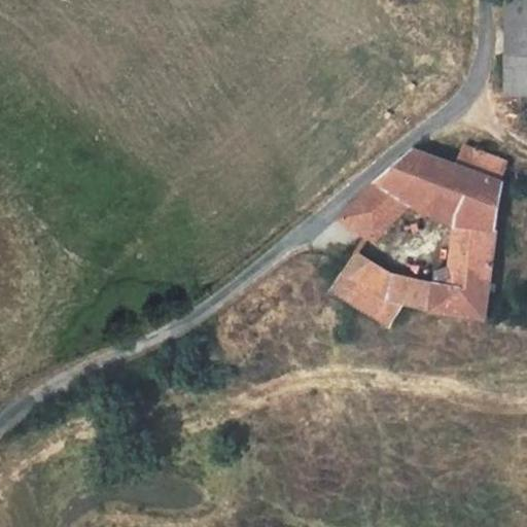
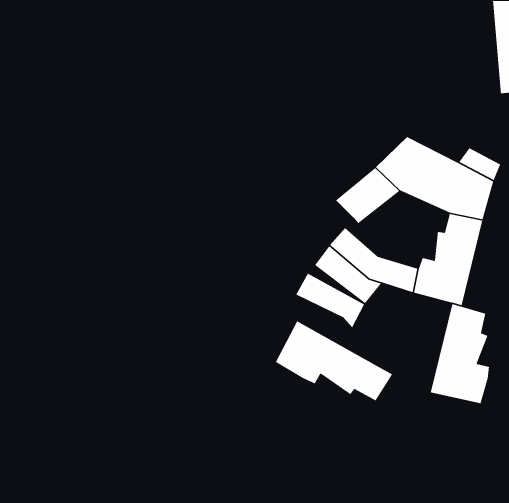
building: none -> [295,272,365,329]
building: none -> [430,303,490,404]
building: none -> [275,320,393,402]

